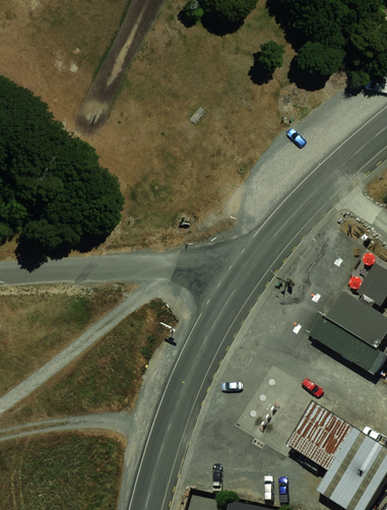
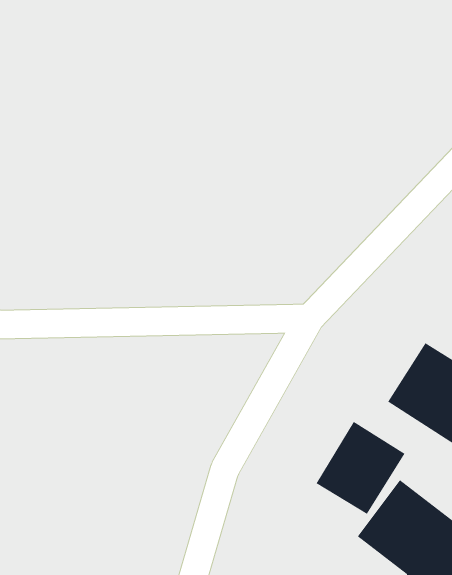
building: none -> [315,421,405,515]

